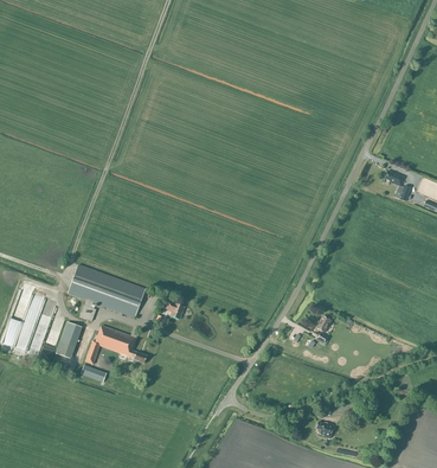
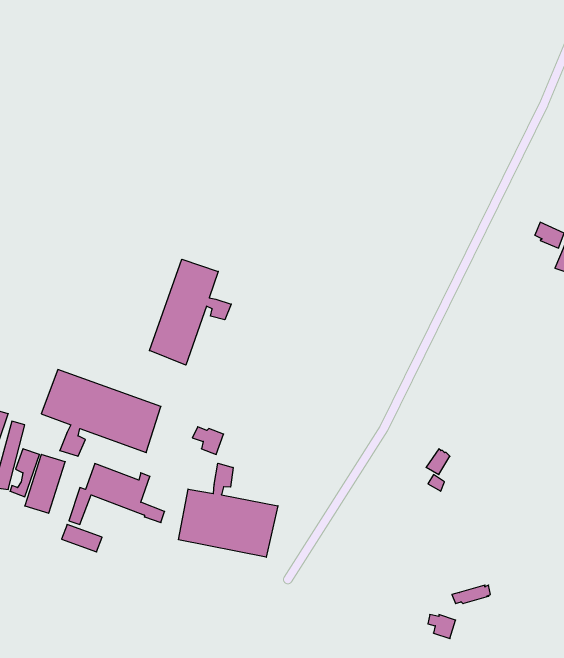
building: none -> [149,259,231,365]
building: none -> [179,463,278,557]

